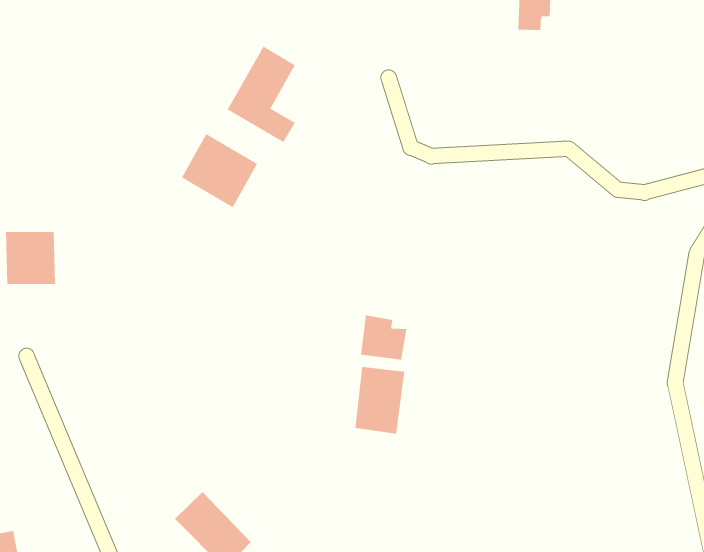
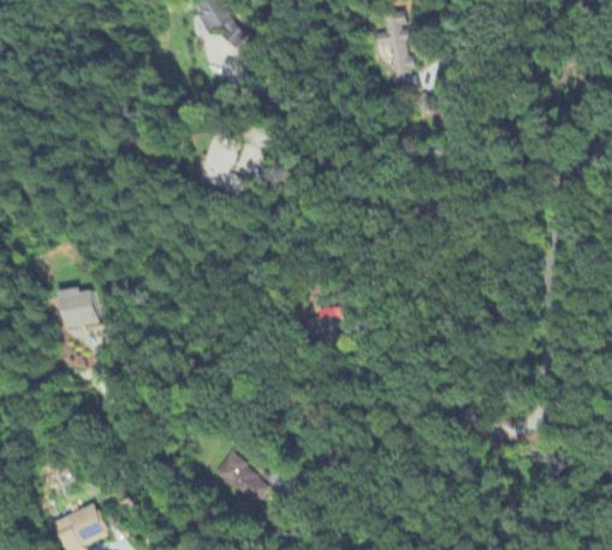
building: [181,133,258,208] -> none
building: [355,366,405,434] -> none

